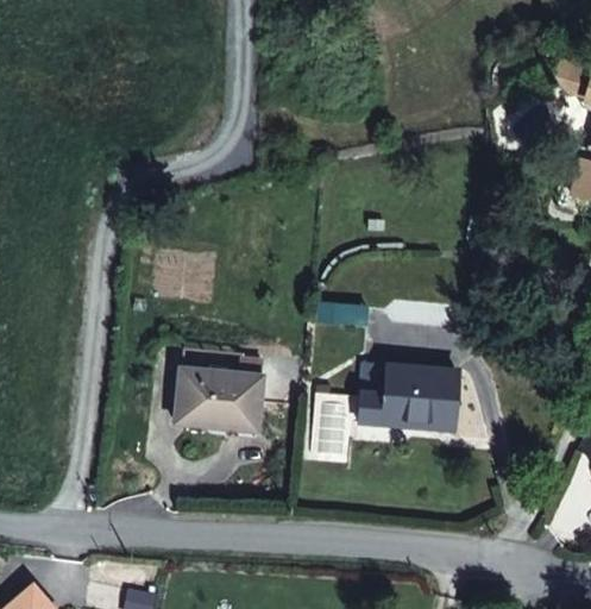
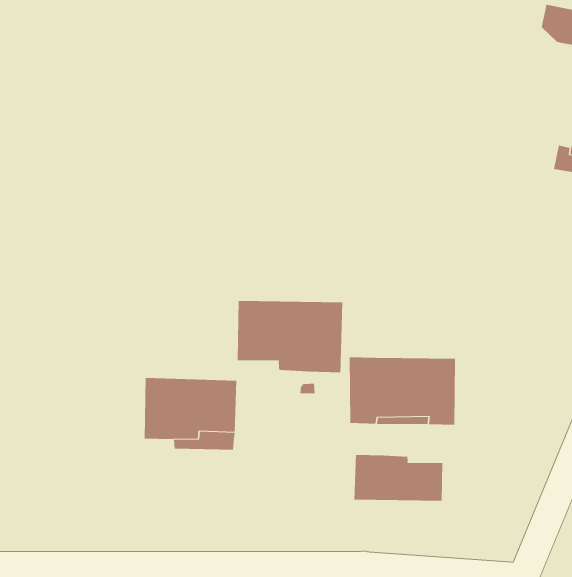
building: none -> [237,300,343,373]
building: none -> [354,454,443,502]

